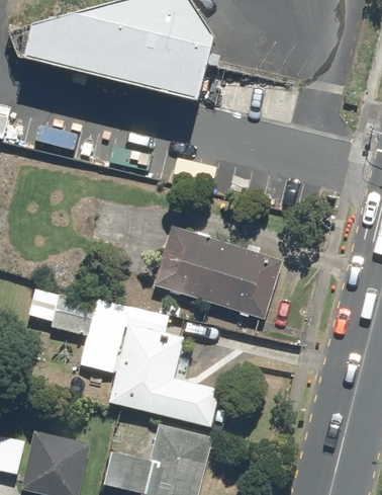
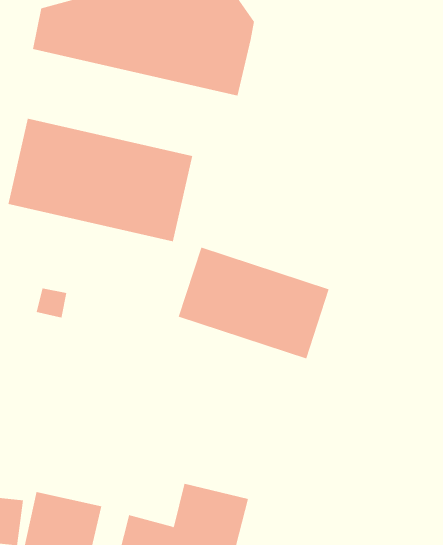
building: none -> [8,118,193,242]
building: [25,284,219,429] -> none

